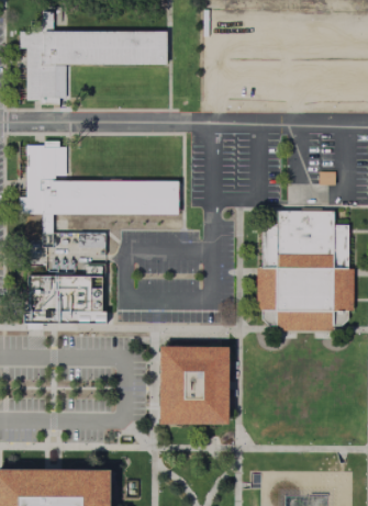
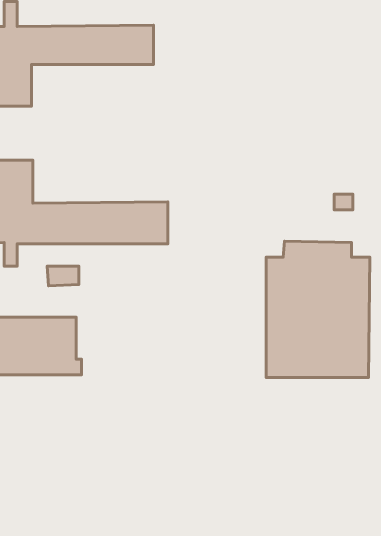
building: [160,346,230,425] -> none

